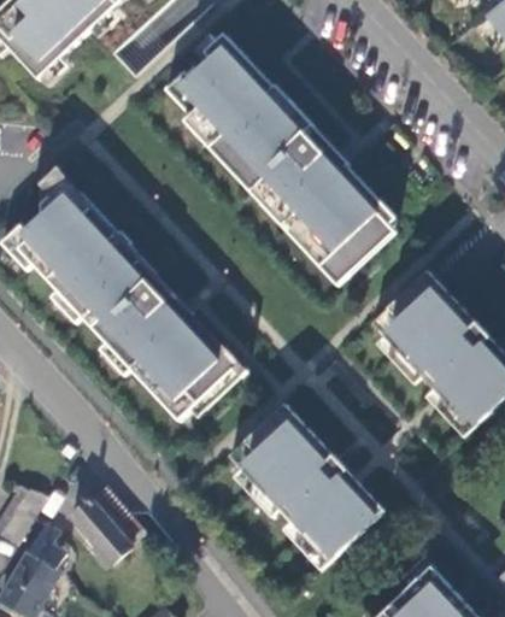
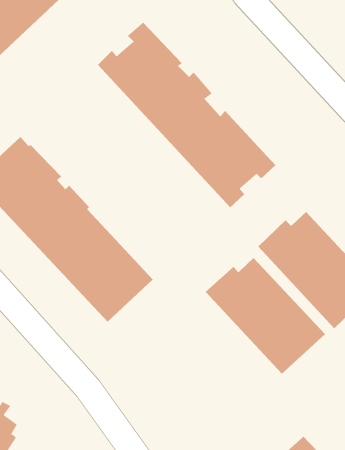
building: [228,413,383,564] -> [205,257,326,374]
building: [69,486,139,566] -> none

